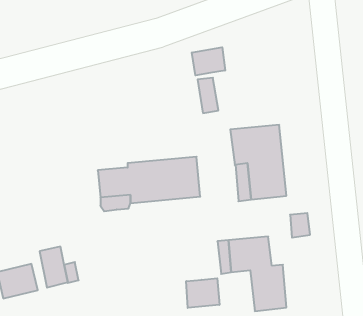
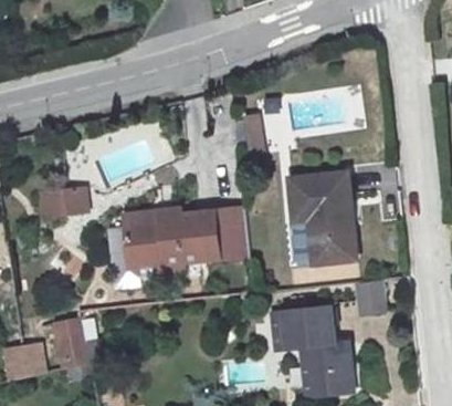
building: [192,47,225,75] -> none
building: none -> [40,188,86,215]
building: [186,278,219,308] -> none

